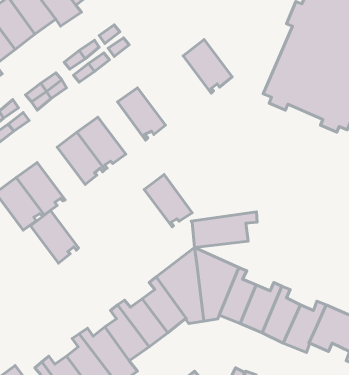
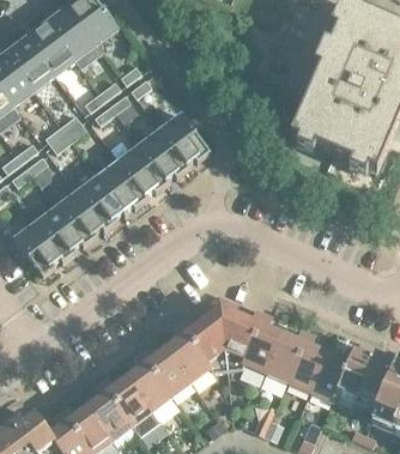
building: [183,39,232,93] -> [159,113,210,168]
building: [144,174,192,227] -> [119,144,168,198]
building: [31,211,78,263] -> [56,190,105,244]
building: [191,212,257,248] -> none

